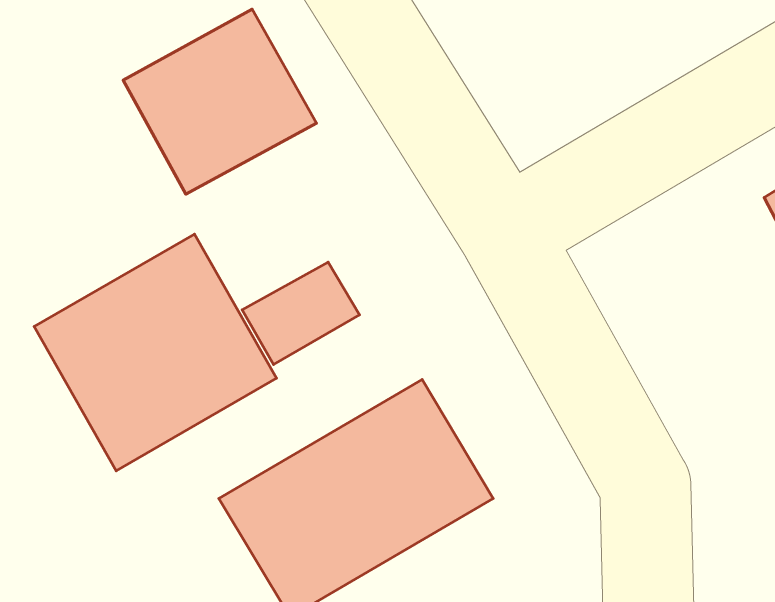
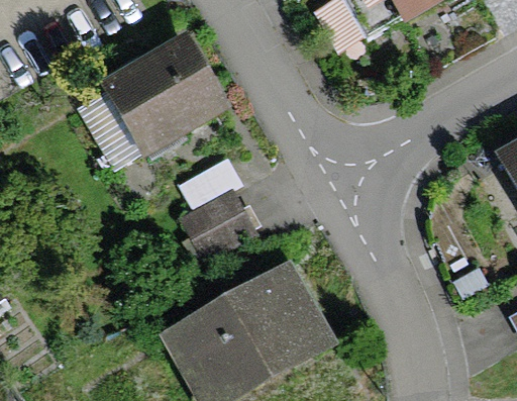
building: [34,234,277,471] -> none

